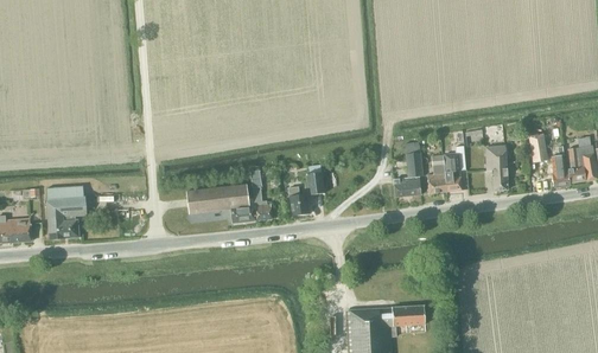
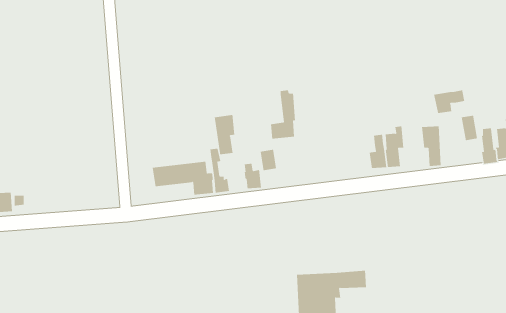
building: none -> [433,89,465,114]
building: none -> [214,114,235,155]
building: [394,141,422,195] -> [270,90,296,139]
building: [46,185,87,238] -> none

